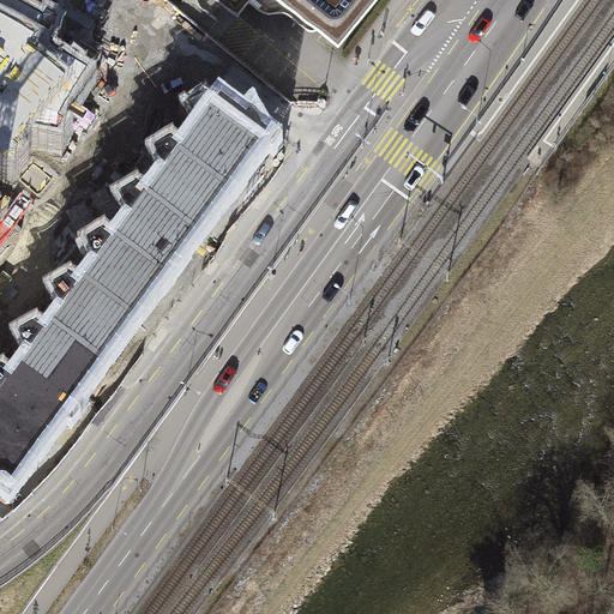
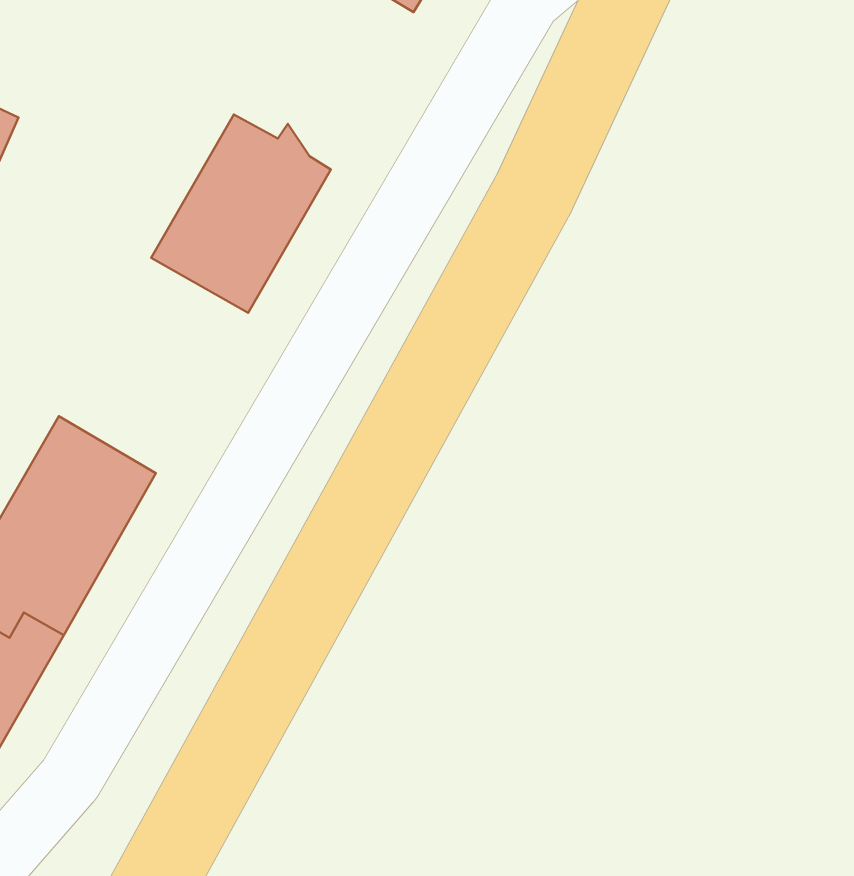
building: [86,169,210,301] -> none

